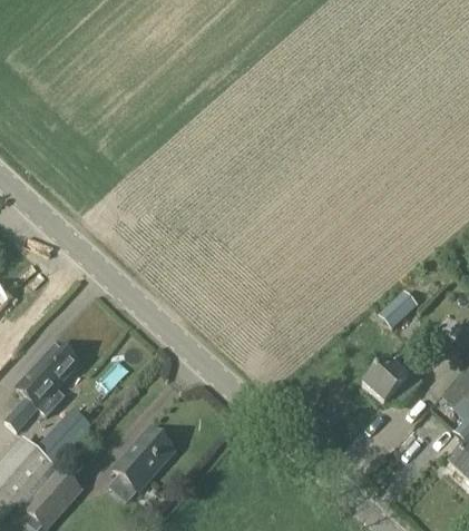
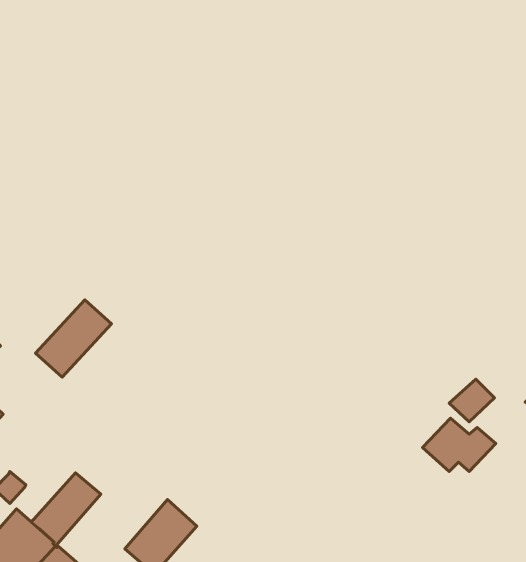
building: [380,288,418,324] -> [449,379,494,422]
building: [16,342,79,406] -> [35,300,111,377]

